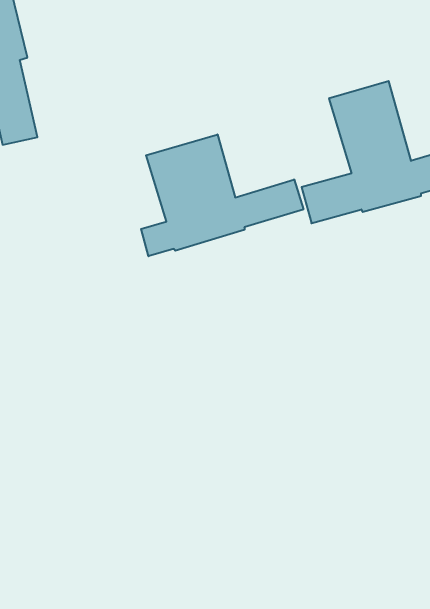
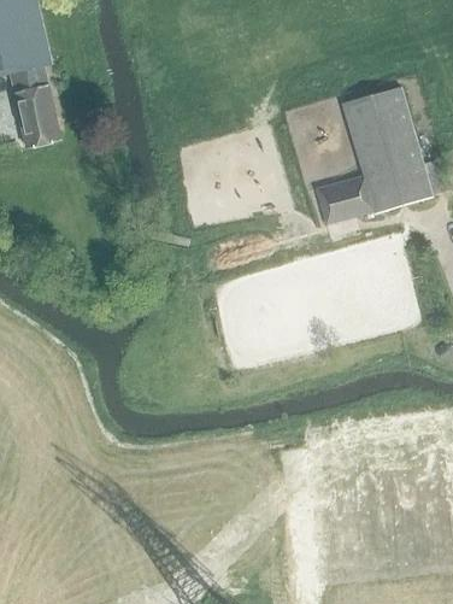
building: [141,134,303,256] -> none

